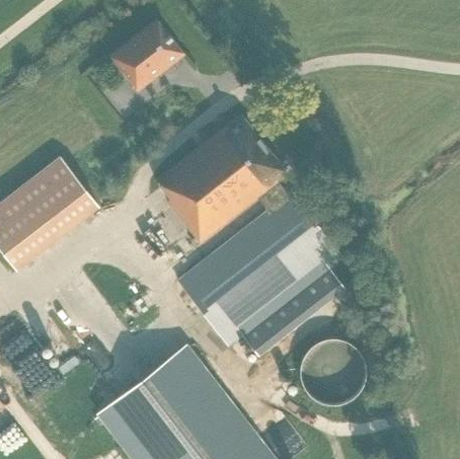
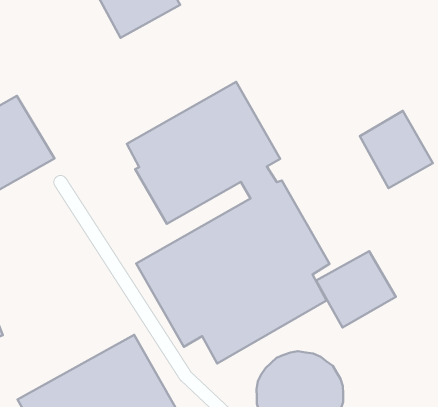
building: none -> [360,111,433,188]
building: none -> [316,251,396,327]

